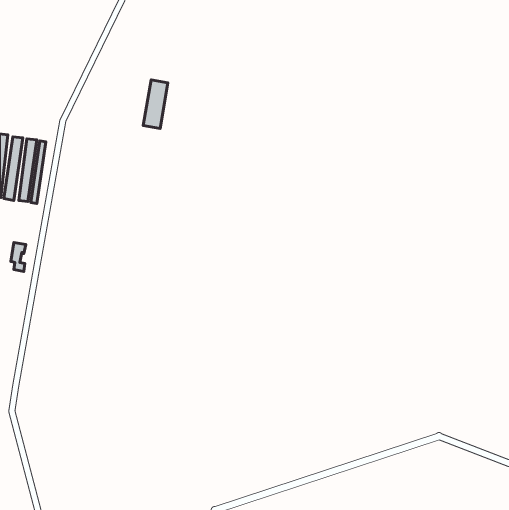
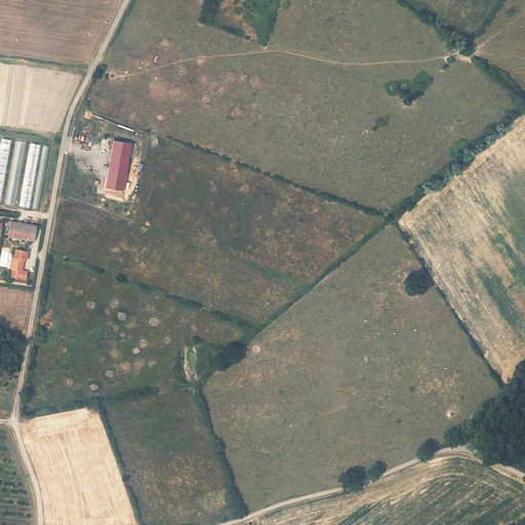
building: [143,80,168,129] -> [105,140,130,191]
building: none -> [8,221,36,241]

